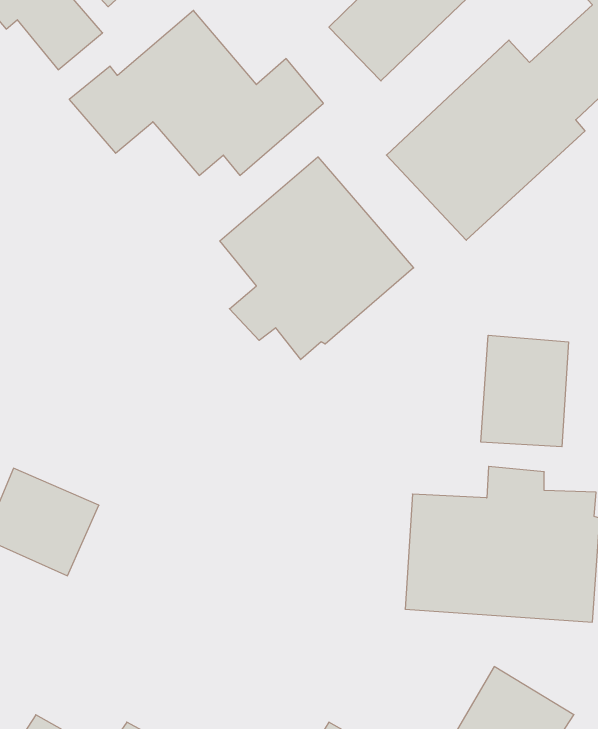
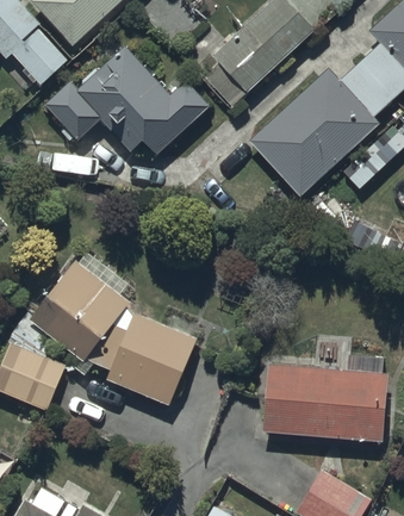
building: [220,157,414,360] -> none
building: none -> [30,250,195,404]
building: [481,335,568,447] -> none

